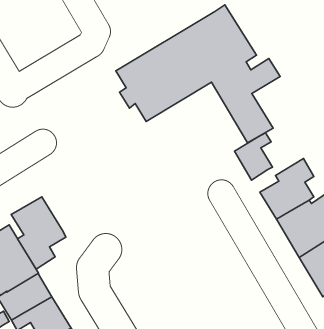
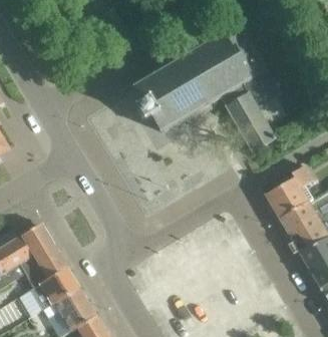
building: [235,133,272,180] -> none
building: [11,197,66,269] -> none

